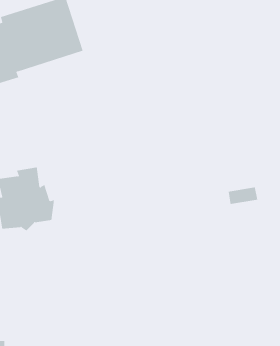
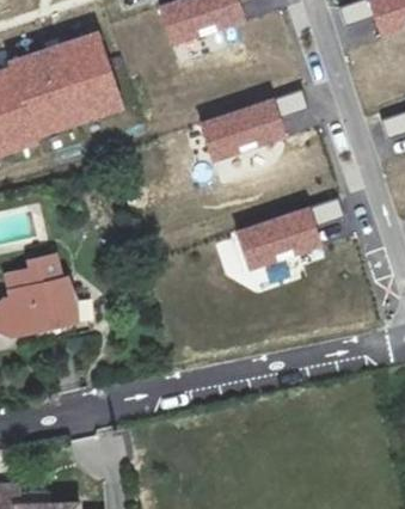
building: none -> [201,91,305,157]
building: none -> [238,201,340,266]

